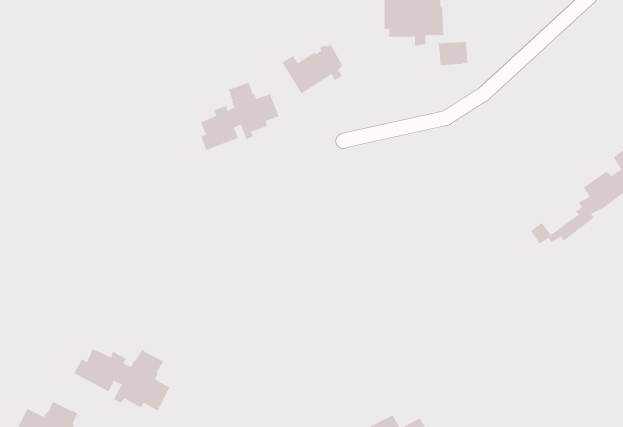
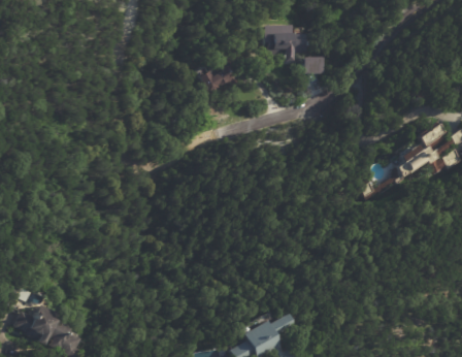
building: [200,81,280,151] -> none
building: [73,349,170,411] -> none

